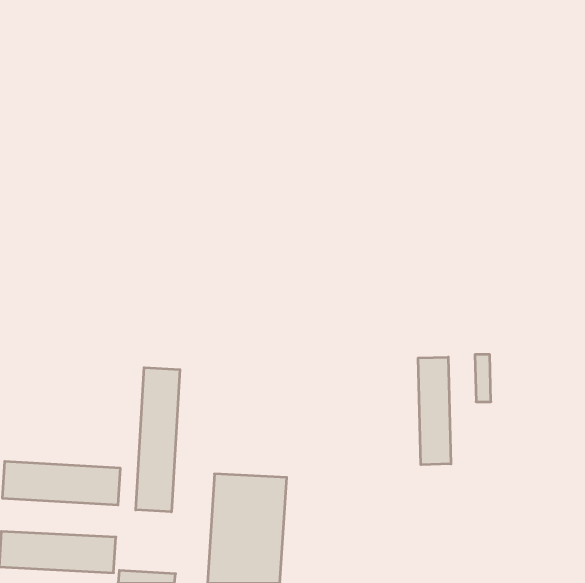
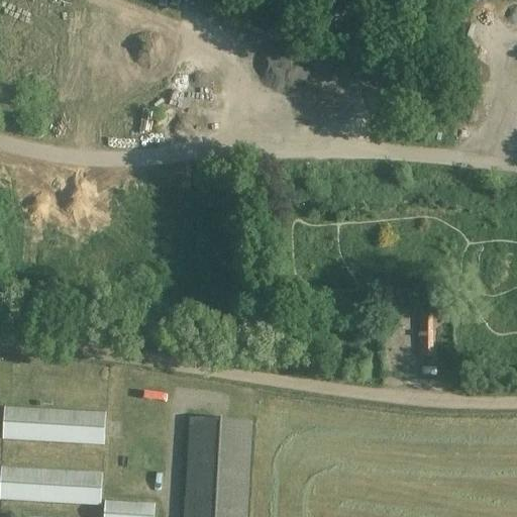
building: [418,357,451,465] -> none
building: [136,368,180,512] -> none

